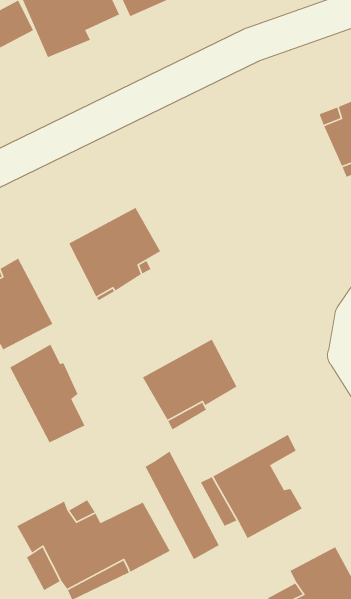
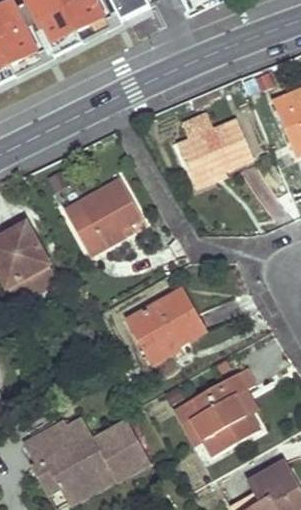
building: none -> [177,118,252,186]
building: [9,344,86,443] -> none
building: [145,451,220,560] -> none

